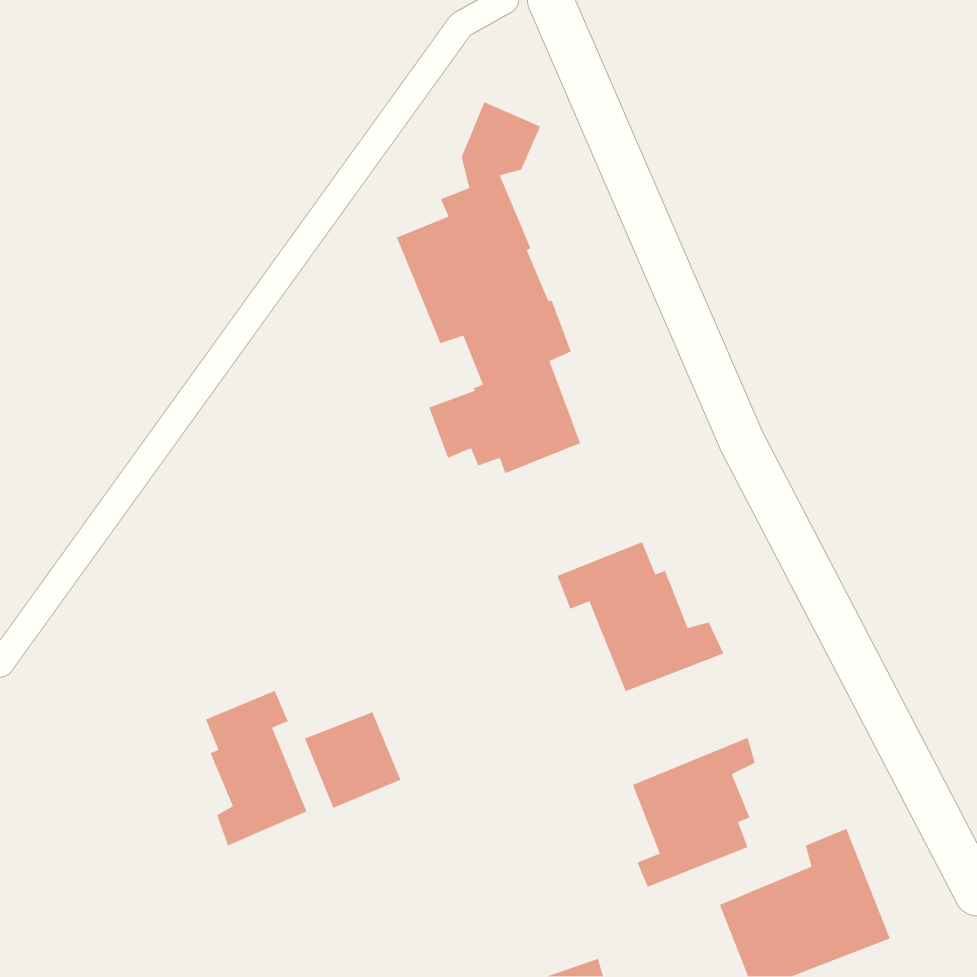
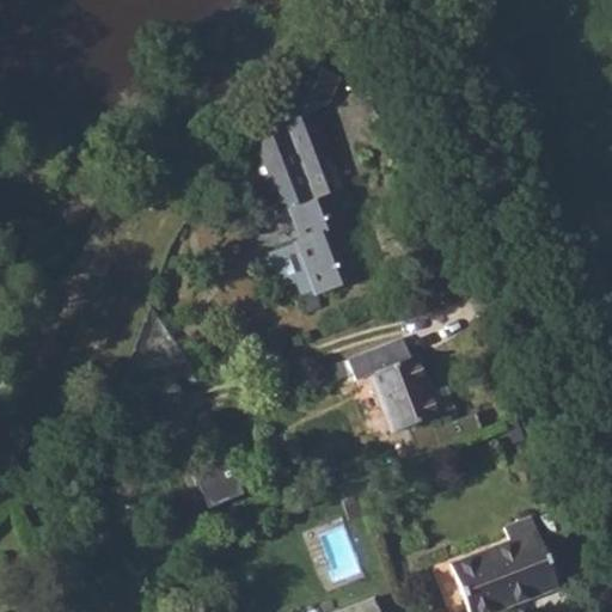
building: [205,690,308,847] -> none
building: [632,737,756,888] -> none

